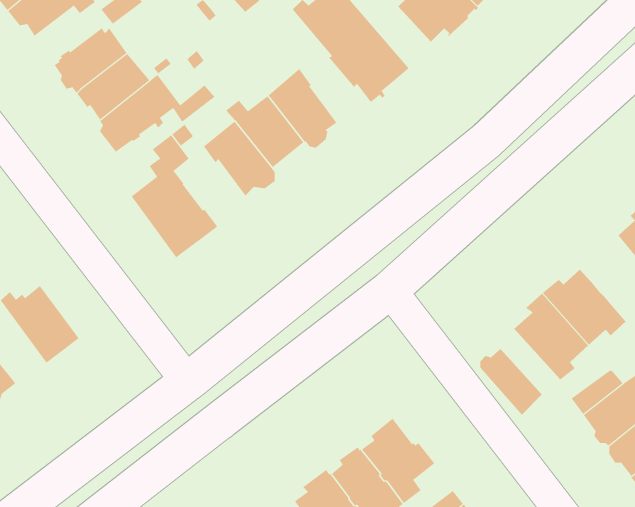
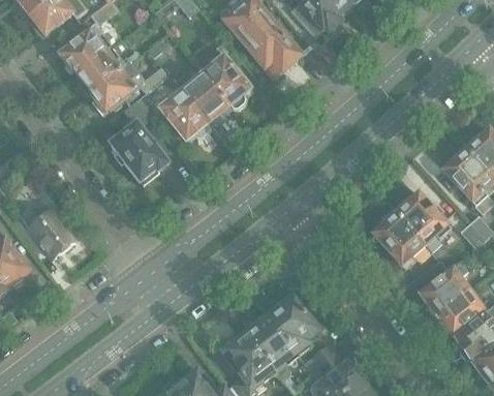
building: [480,348,543,415] -> none

